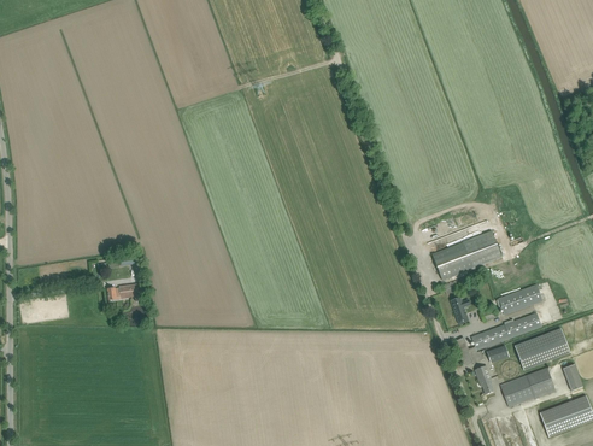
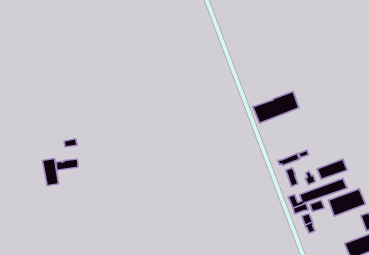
building: [433,231,501,278] -> [253,92,299,123]
building: none -> [43,158,59,185]
building: [500,366,556,406] -> none

